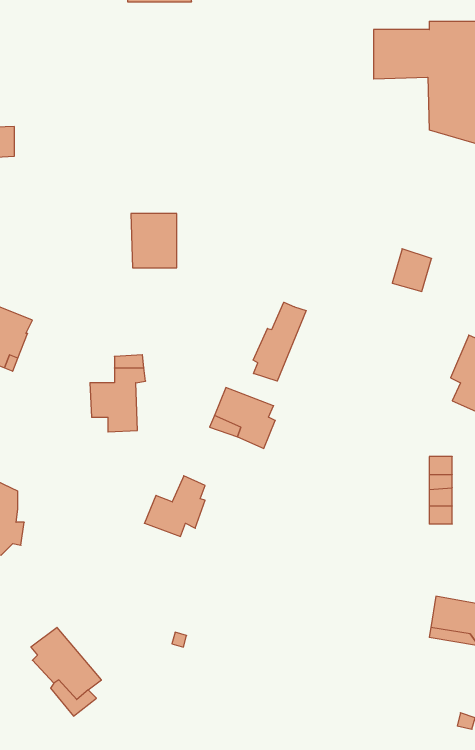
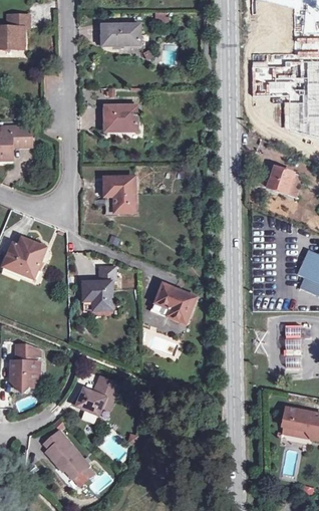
building: none -> [104,105,136,131]
building: [392,249,432,291] -> [271,170,295,196]
building: [253,302,306,381] -> none
building: [144,476,205,536] -> [75,375,112,413]

